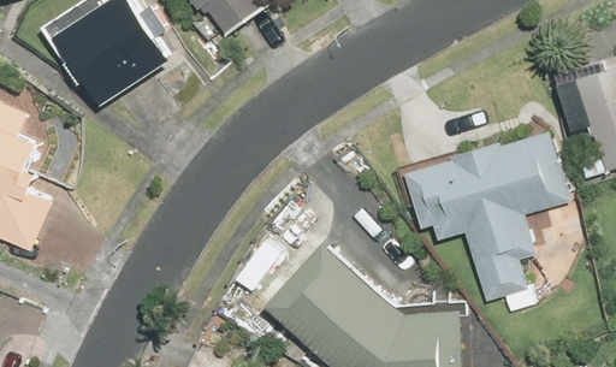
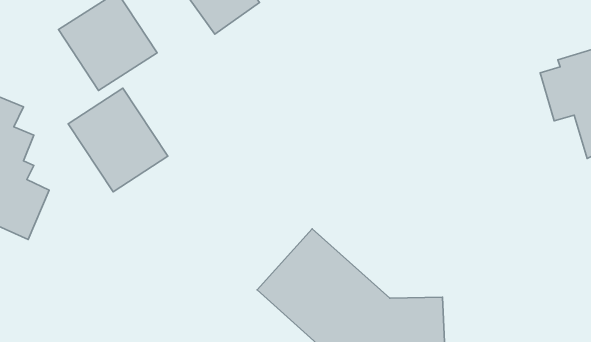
building: none -> [68,88,168,192]
building: [404,131,567,300] -> none

